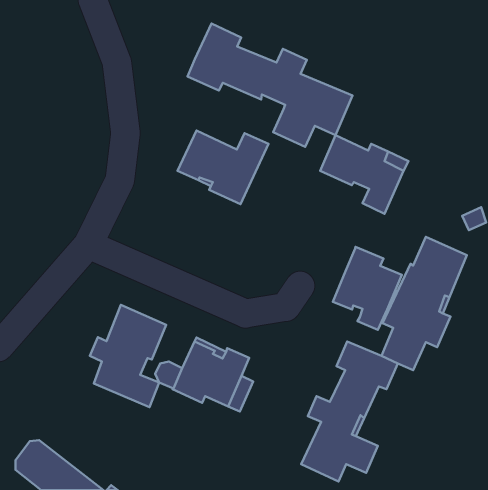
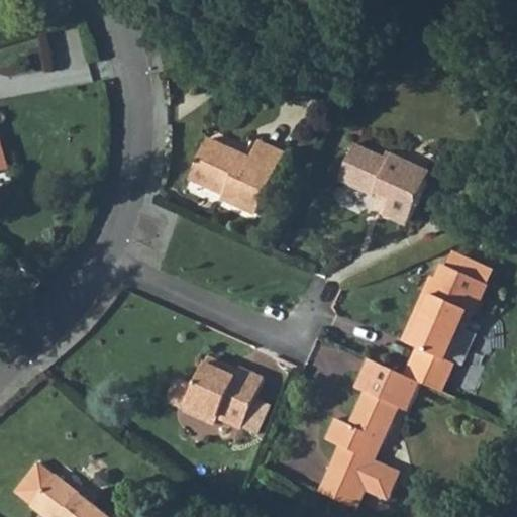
building: [188,24,352,147] -> none
building: [333,247,402,330] -> none
building: [90,305,166,407] -> none

